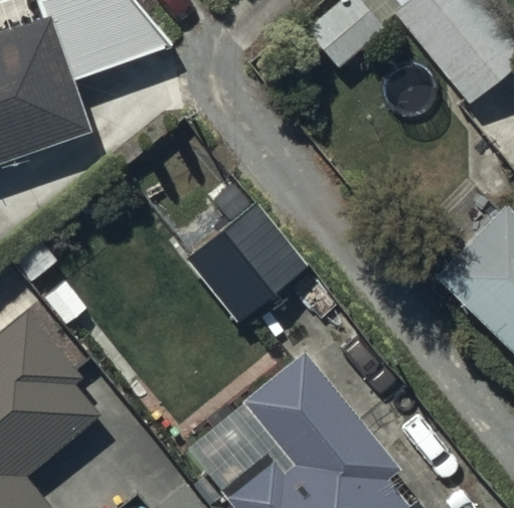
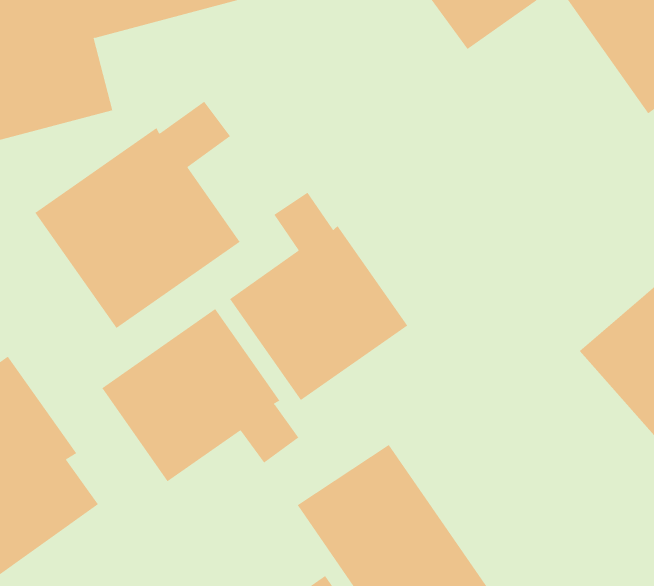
building: none -> [35,101,240,329]
building: none -> [102,308,299,482]

